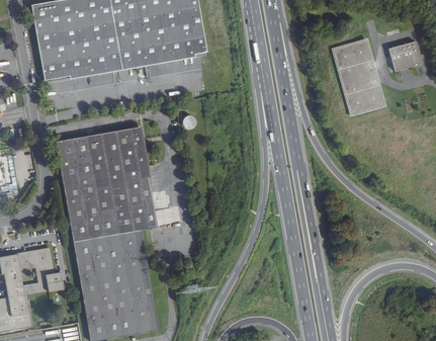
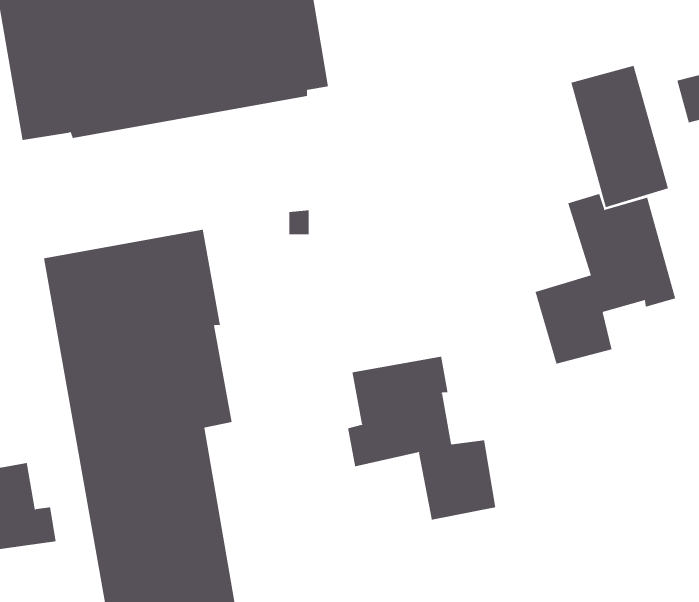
building: none -> [535,193,676,365]
building: none -> [348,356,496,520]

